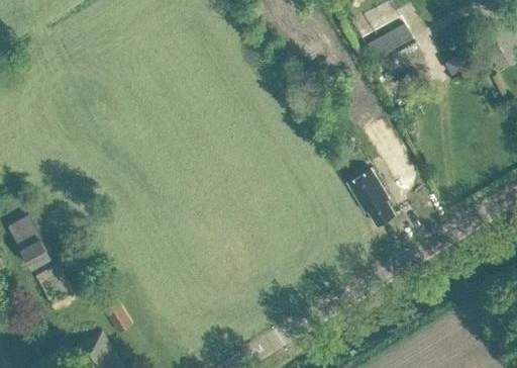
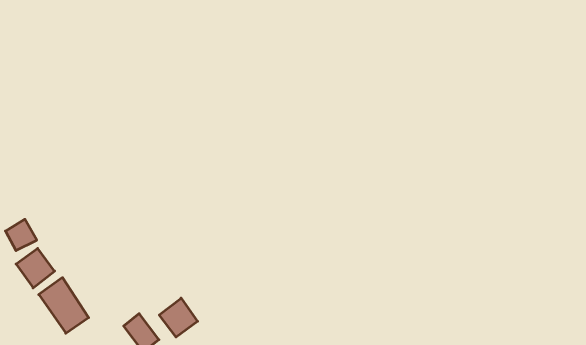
building: [346,167,394,224] -> none
building: none -> [159,298,198,337]

